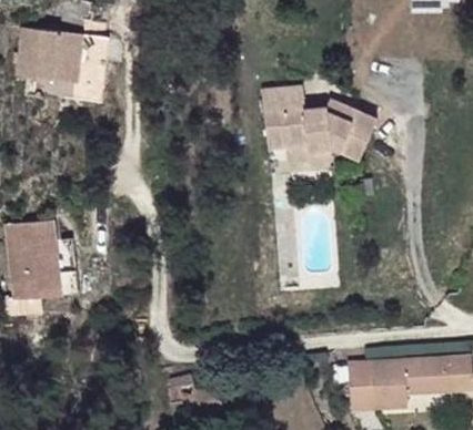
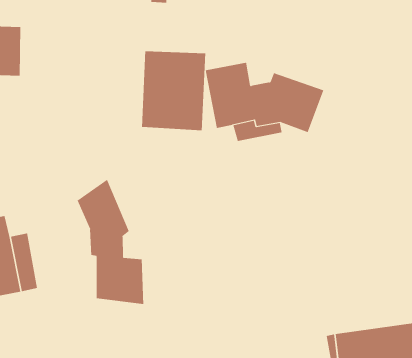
building: [77,33,109,85] -> none
building: none -> [142,50,206,131]
building: none -> [77,179,144,305]

